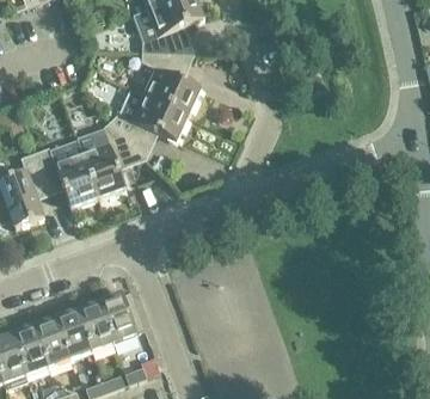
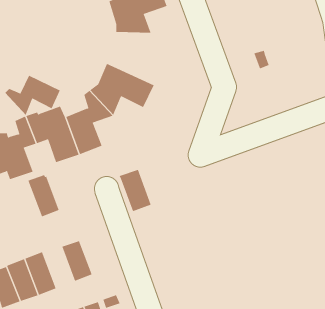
building: [141,53,199,116] -> none
building: none -> [5,75,61,116]
building: [97,291,136,343] -> [119,169,152,212]
building: [54,308,92,360] -> [27,174,59,217]

